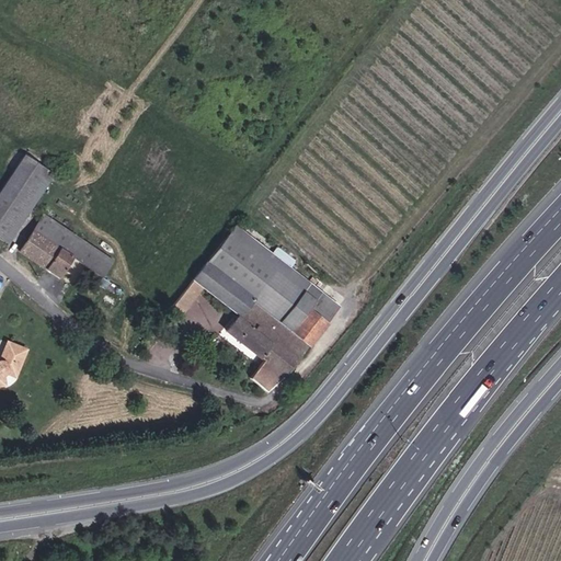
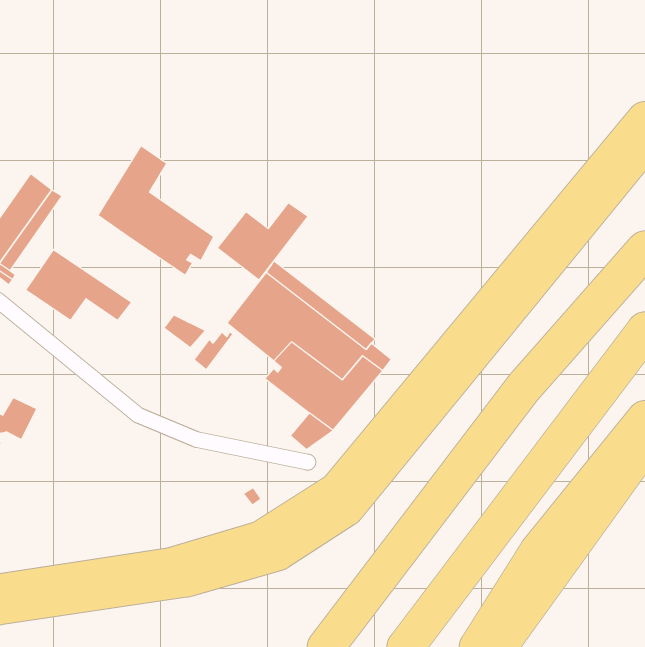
building: none -> [98,145,214,275]
building: none -> [217,203,308,280]
building: none -> [164,315,206,348]

